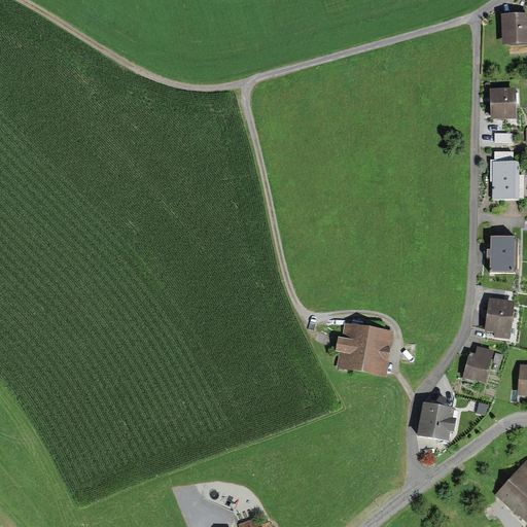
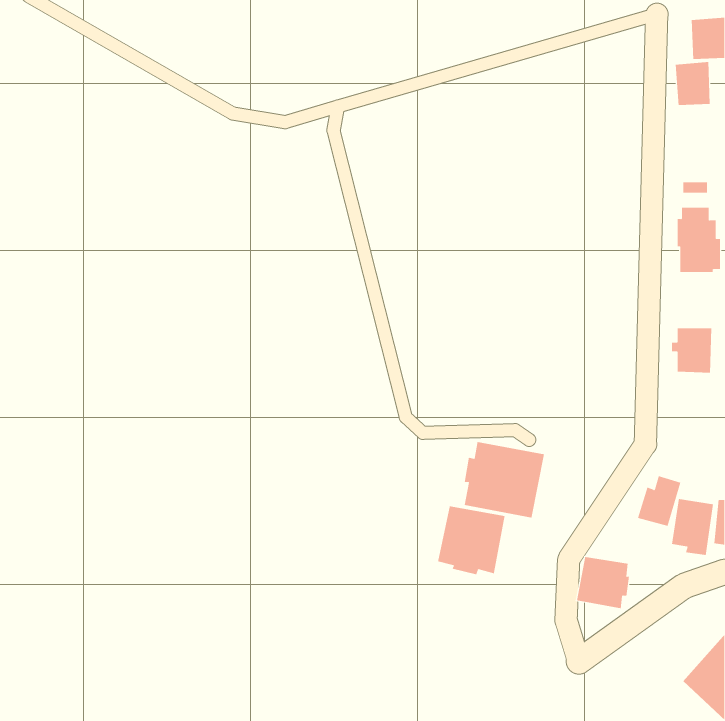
building: [490,86,516,118] -> [675,62,710,106]
building: [485,296,516,338] -> [671,499,714,555]
building: none -> [438,506,505,575]

